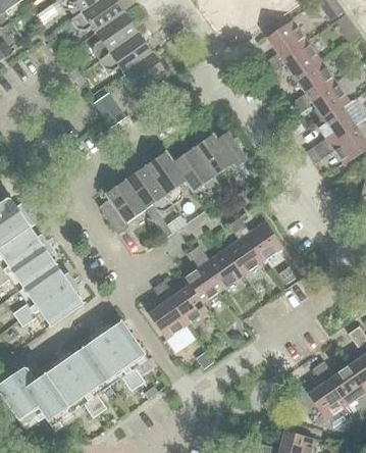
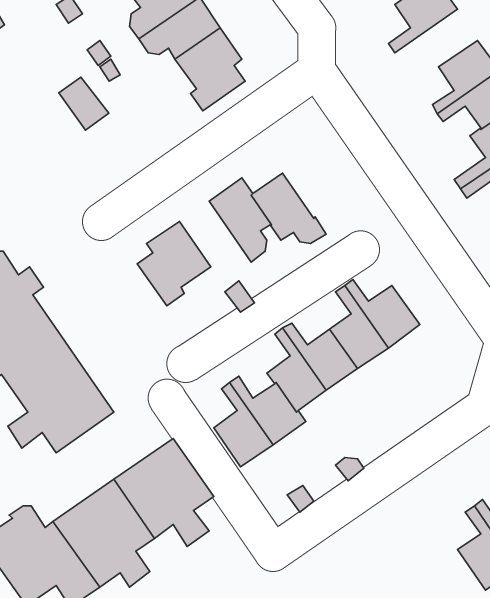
building: [266,40,320,78] -> none
building: [94,92,126,127] -> [59,77,109,130]
building: [193,132,247,177] -> none
building: [125,165,172,211] -> none

